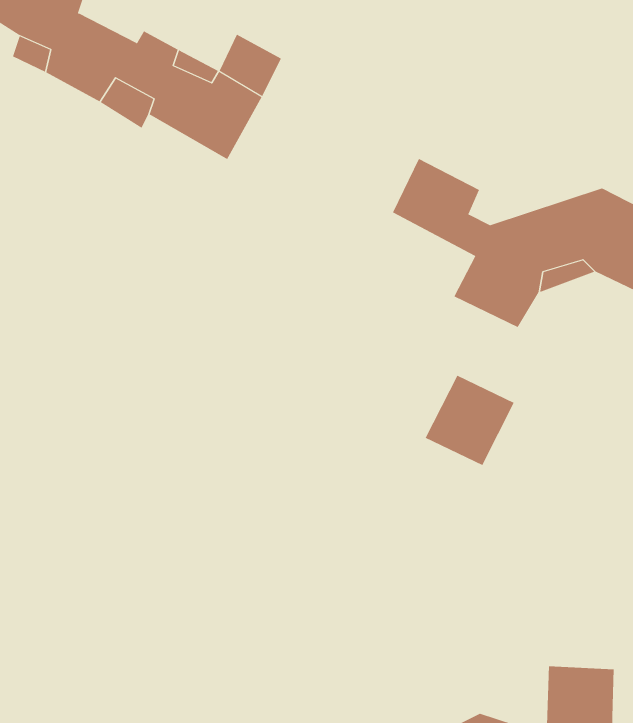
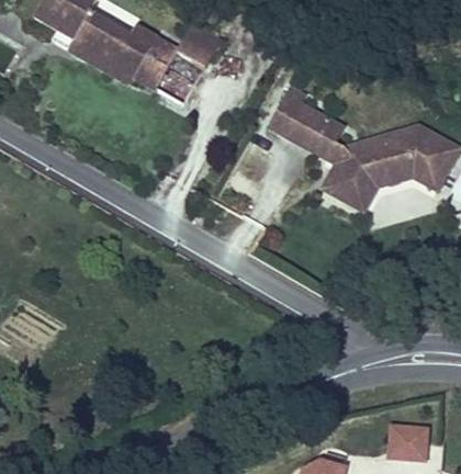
building: none -> [266,87,305,139]
building: [425,375,515,466] -> none

